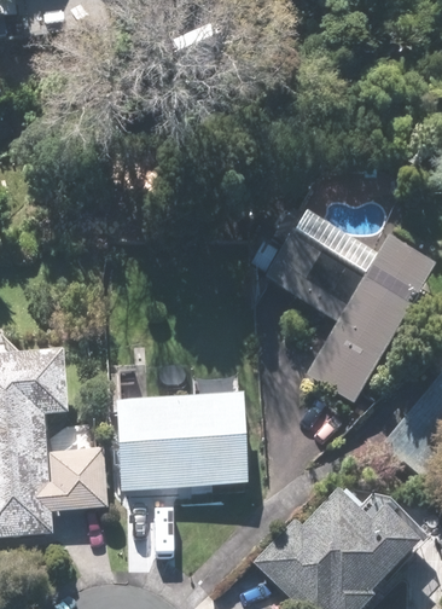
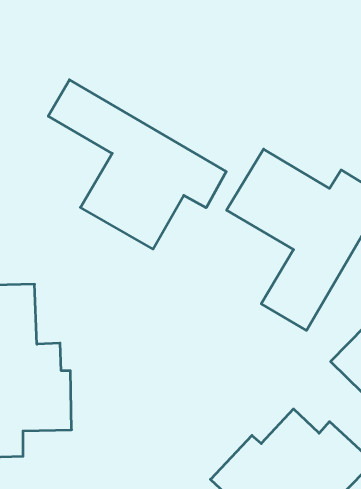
building: none -> [48,80,226,249]
building: [117,399,250,487] -> none

